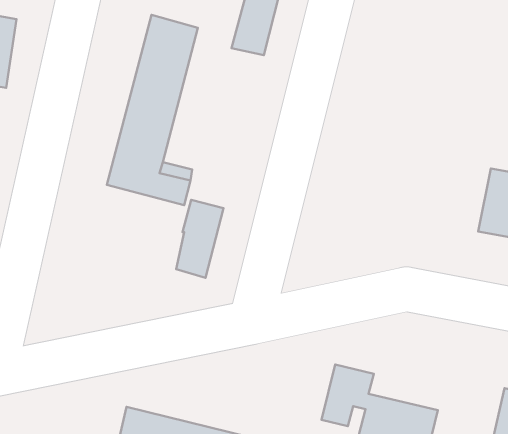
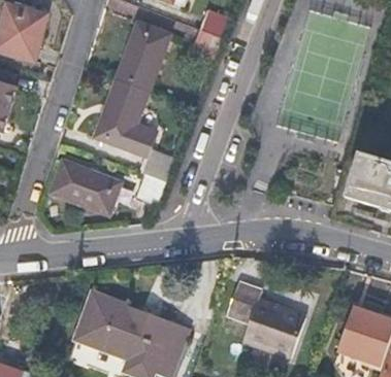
building: none -> [50,163,120,215]

